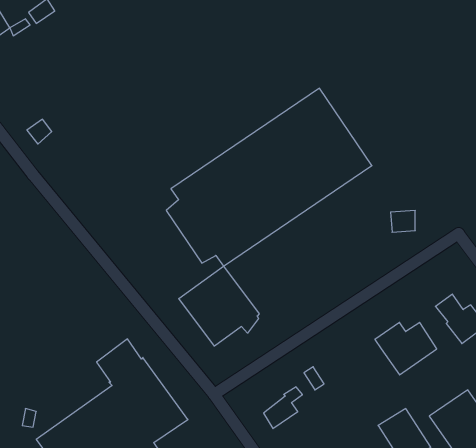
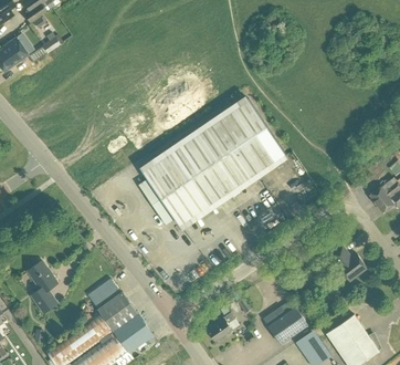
building: [179,266,259,346] -> none
building: none -> [29,260,59,313]
building: [375,322,437,375] -> [264,306,308,344]

